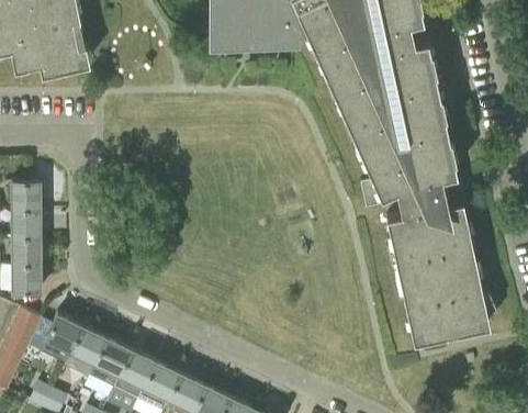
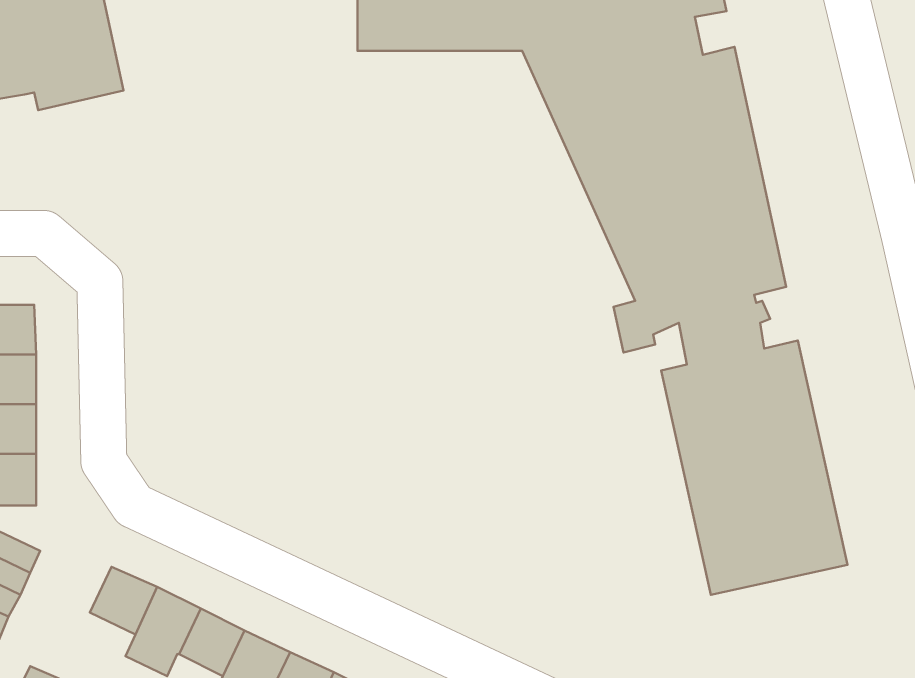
building: [38,315,81,365] -> none

